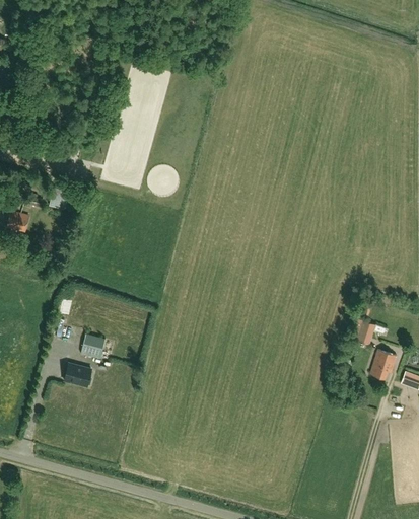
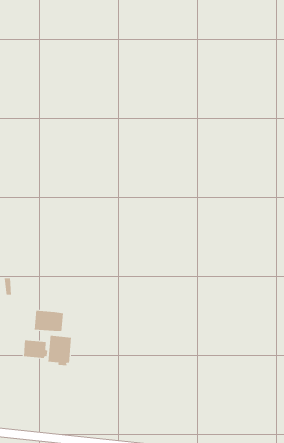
building: none -> [48,335,72,366]

